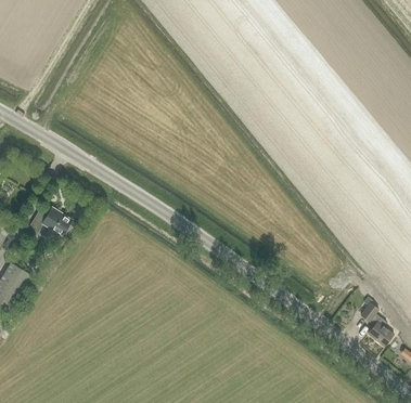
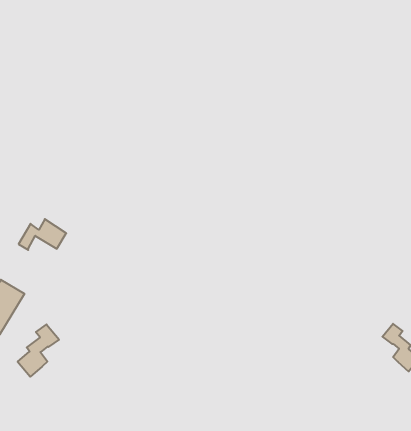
building: none -> [18,324,59,377]

